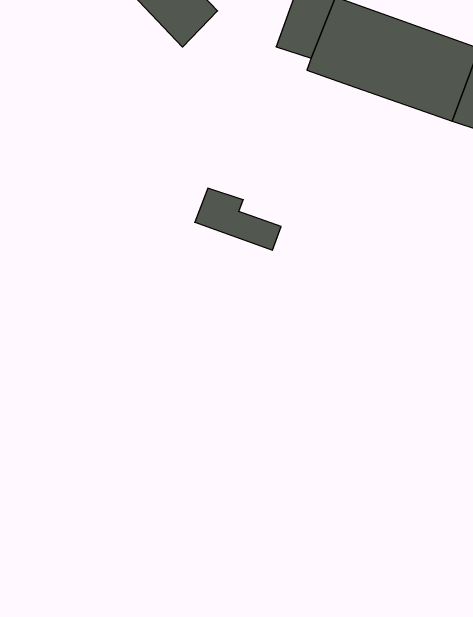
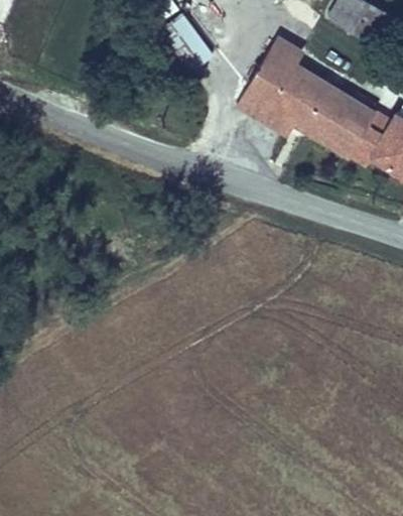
building: [195,188,281,250] -> [238,89,292,135]

